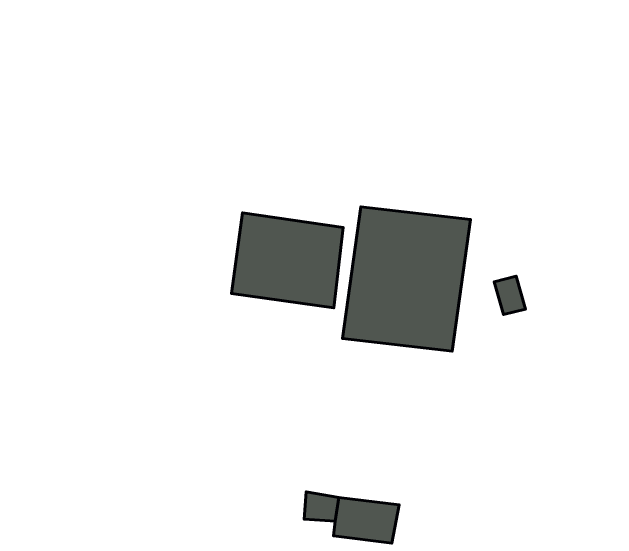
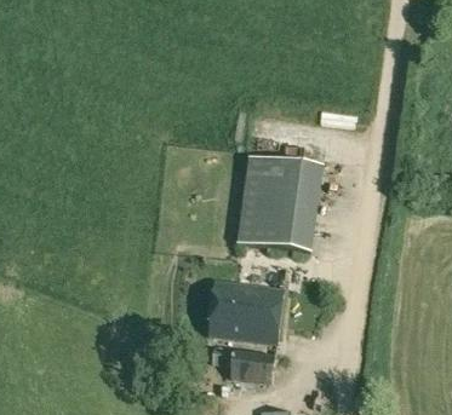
building: [232,213,343,308] -> [210,279,284,342]

